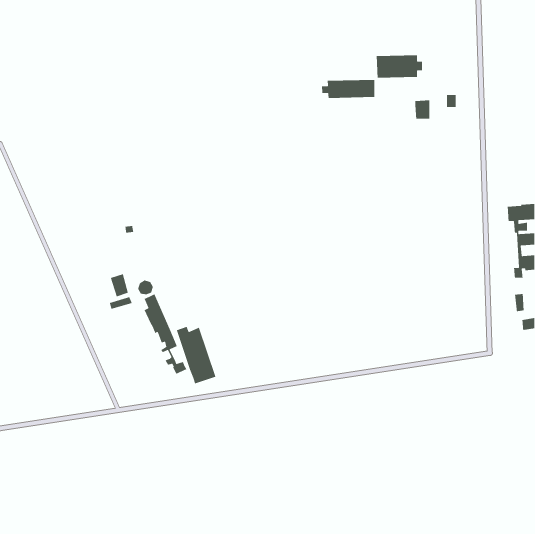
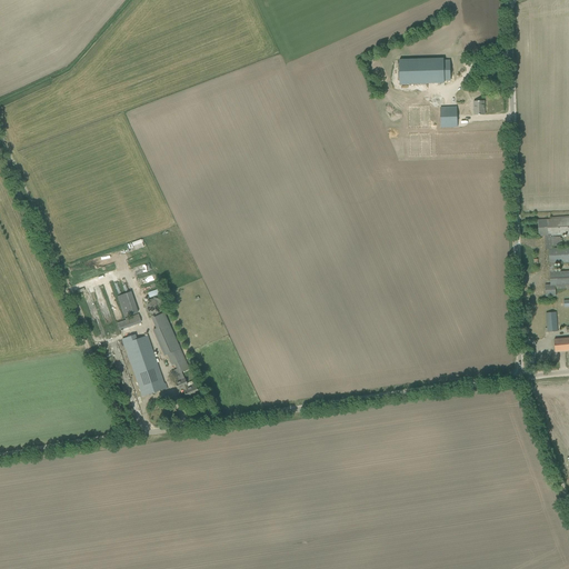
building: [321,79,375,99] -> none
building: [176,326,217,384] -> [122,333,166,396]

